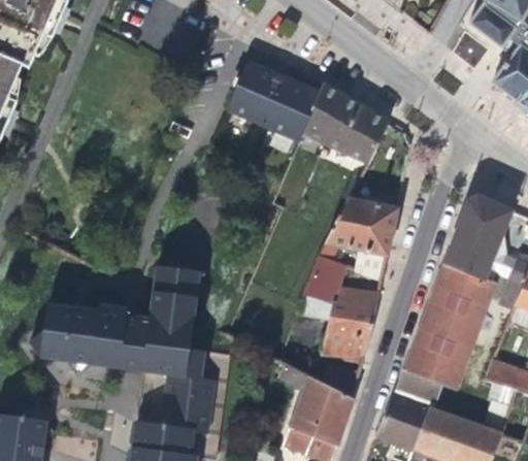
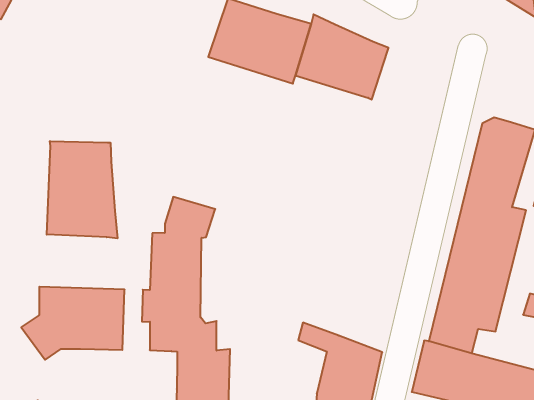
building: none -> [47,141,117,238]
building: [324,196,396,282] -> none
building: [304,256,377,363] -> none

